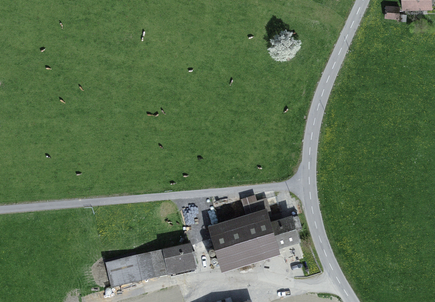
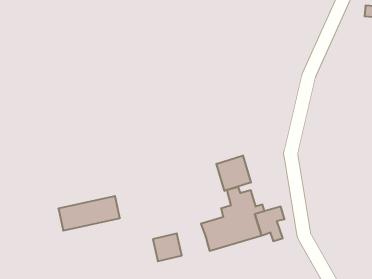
building: none -> [216,155,251,191]
building: [105,250,169,286] -> [58,196,120,231]

